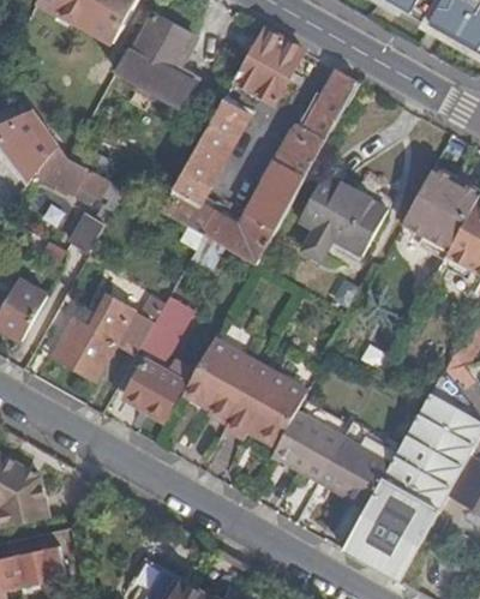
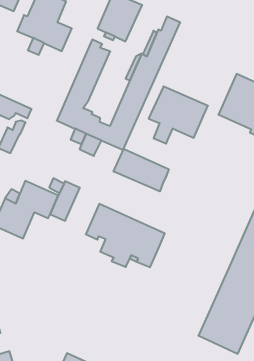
building: none -> [114,149,169,191]
building: [124,361,191,420] -> none
building: [272,411,398,507] -> none

